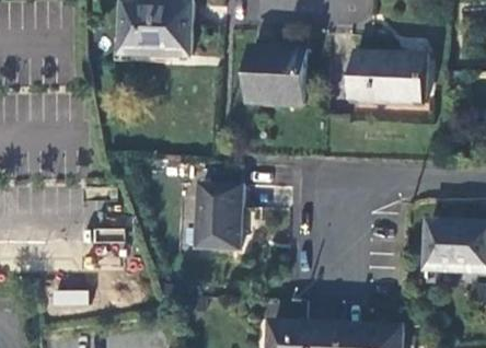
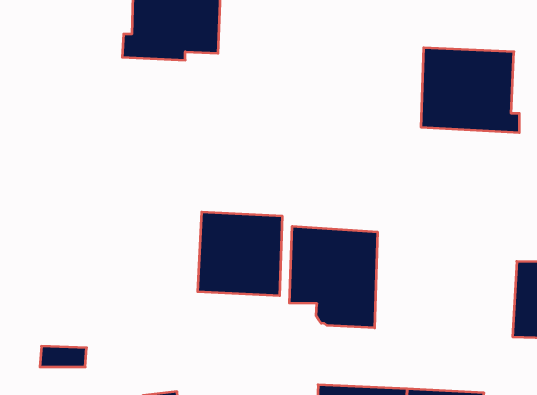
building: [248,46,304,103] -> none
building: none -> [289,226,377,328]

